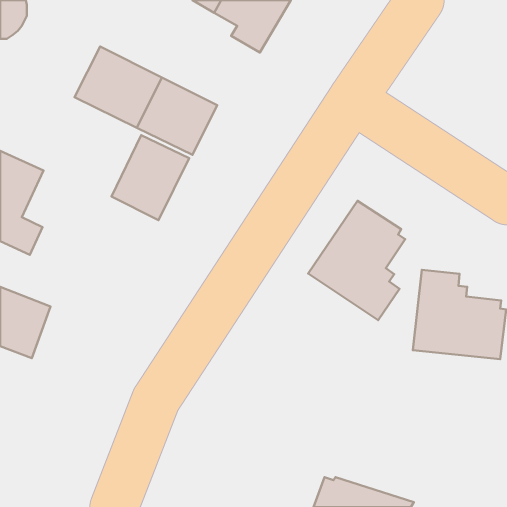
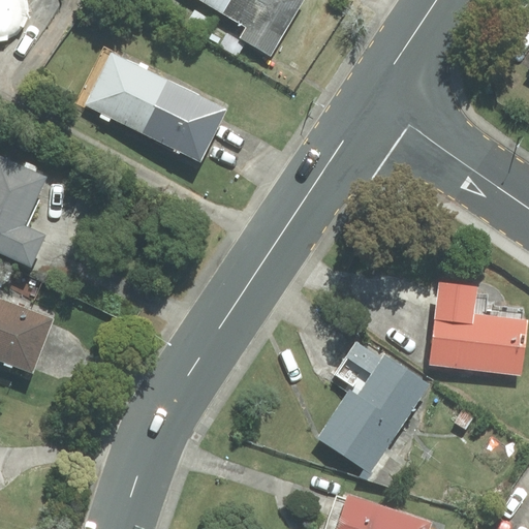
building: [112,135,189,220] -> none
building: [308,201,405,320] -> none
building: none -> [317,342,429,473]

